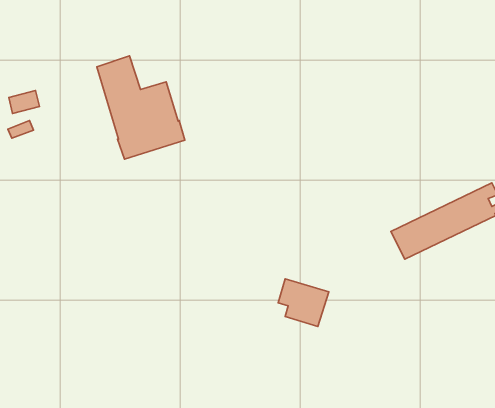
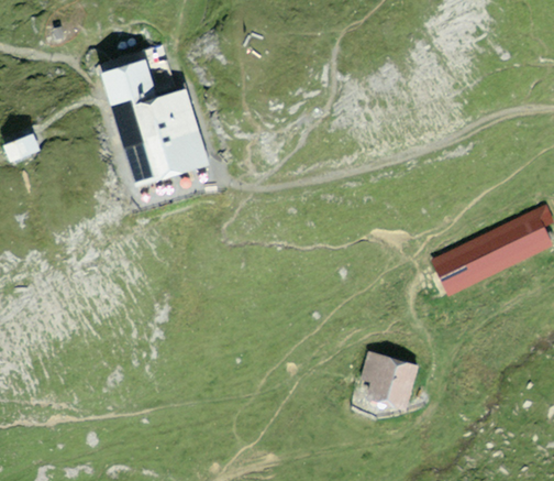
building: [278,279,329,327] -> [364,350,420,403]

